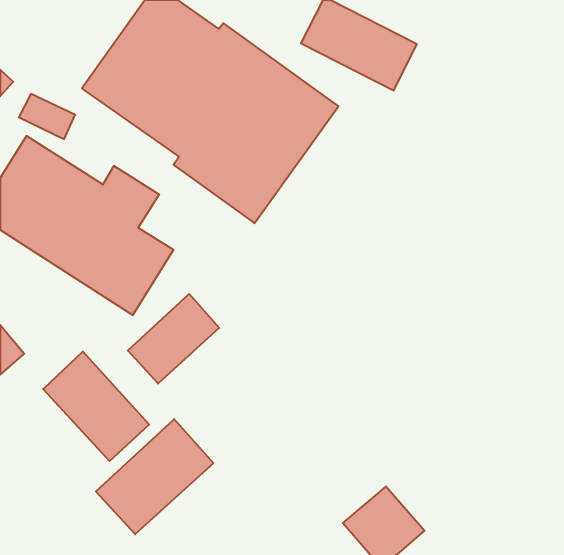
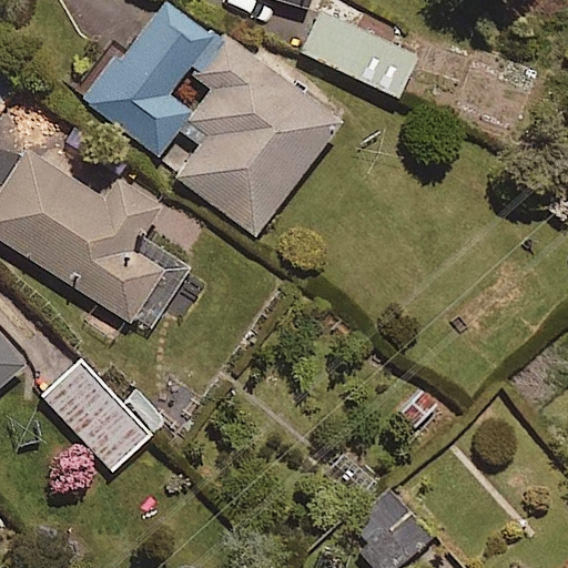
building: [128,294,219,384] -> none
building: [96,419,213,534] -> none

